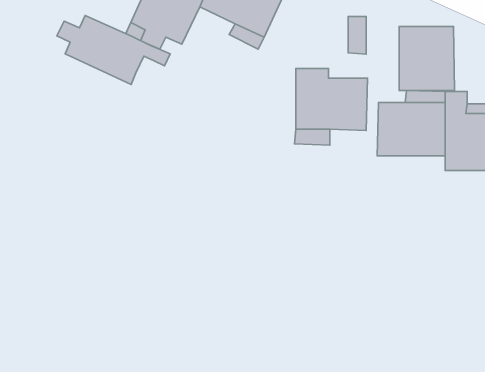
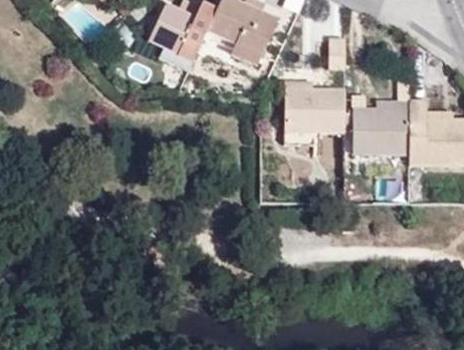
building: [57,16,170,84] -> none
building: [399,27,454,90] -> none

